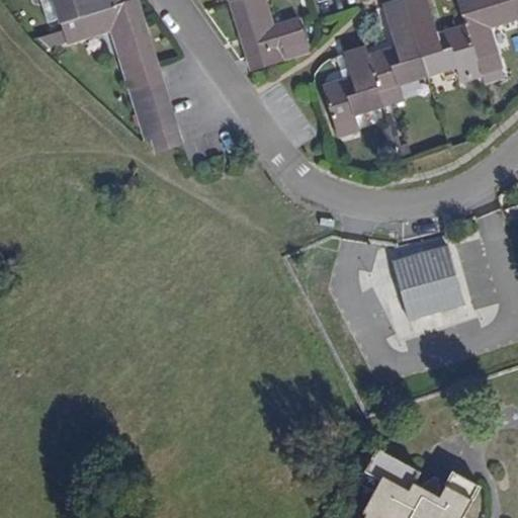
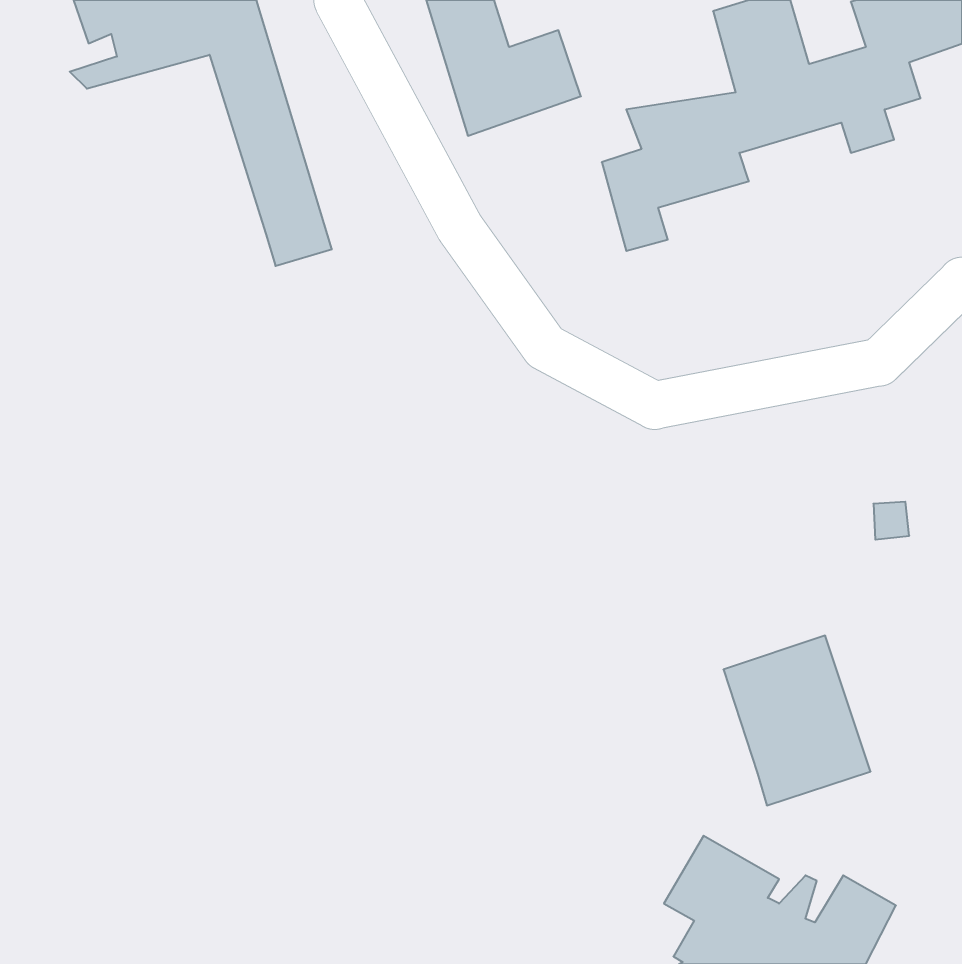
building: [391,245,469,336] -> [723,636,871,805]

